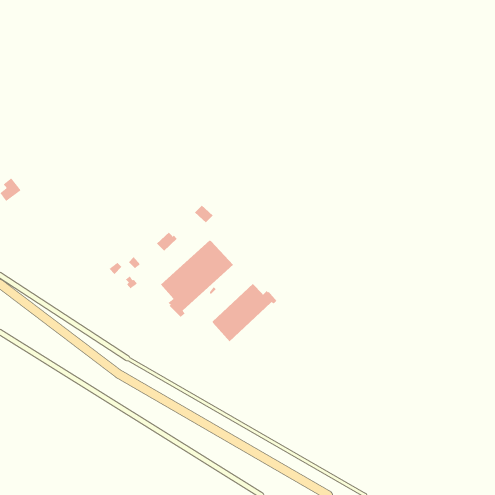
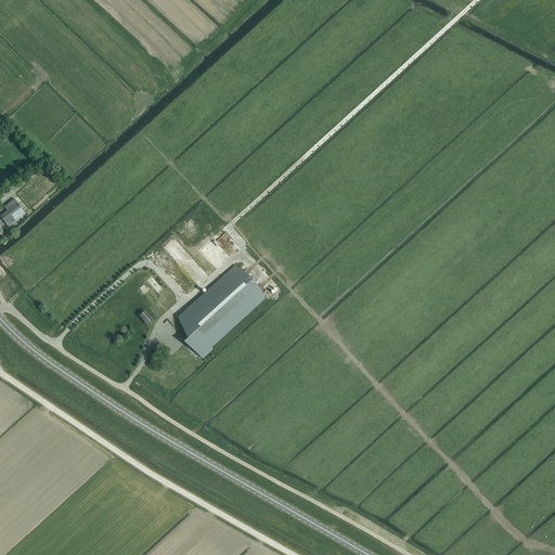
building: [212,283,277,342] -> none

